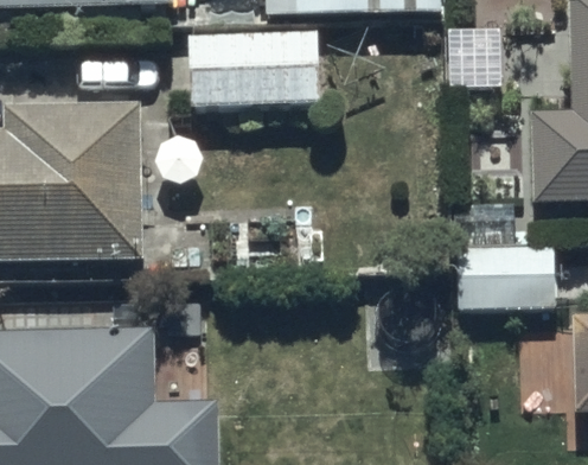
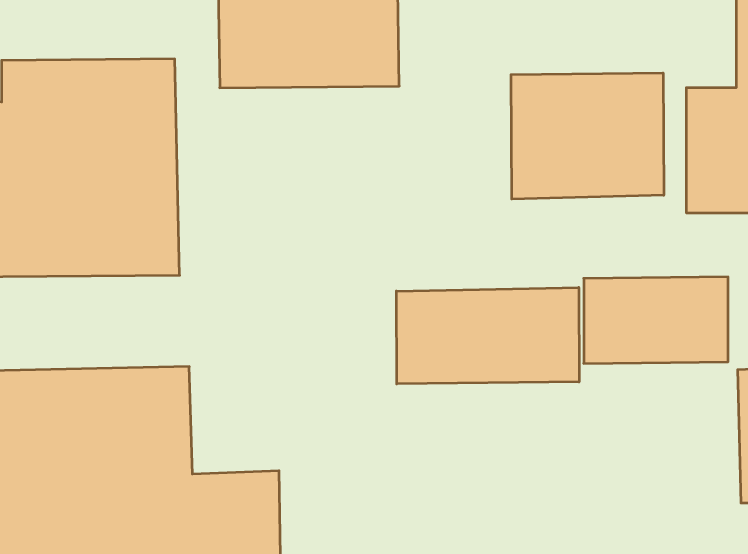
building: none -> [511,73,664,199]
building: none -> [396,287,579,384]

